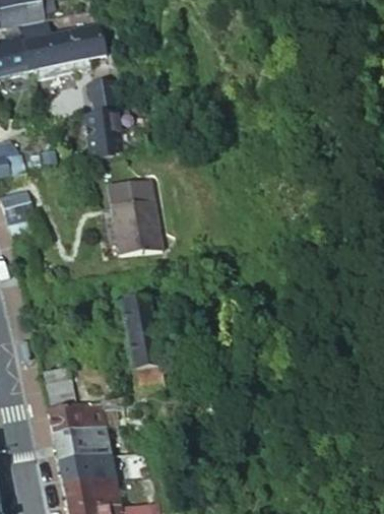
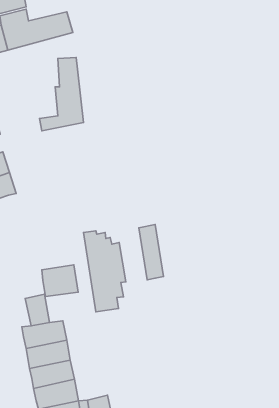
building: [105,175,162,251] -> none
building: none -> [139,224,163,280]
building: none -> [42,265,78,297]

